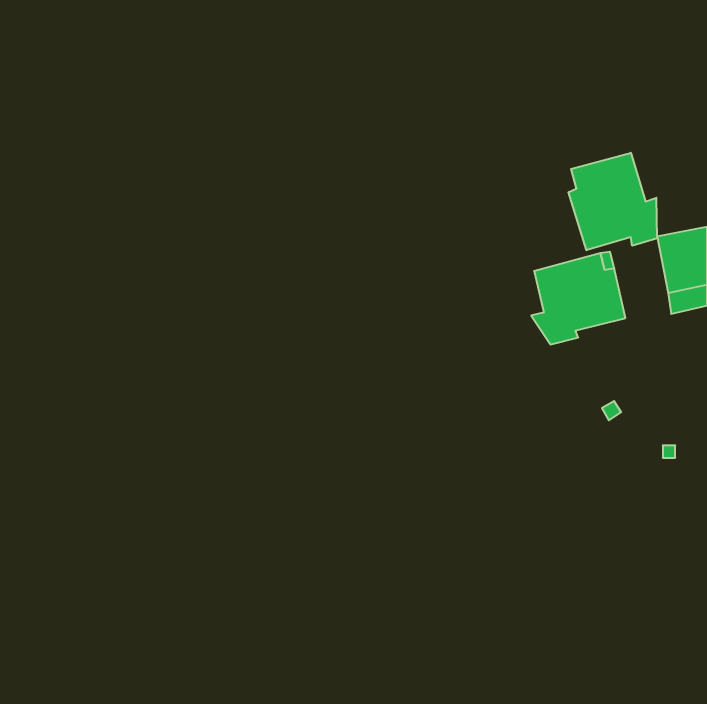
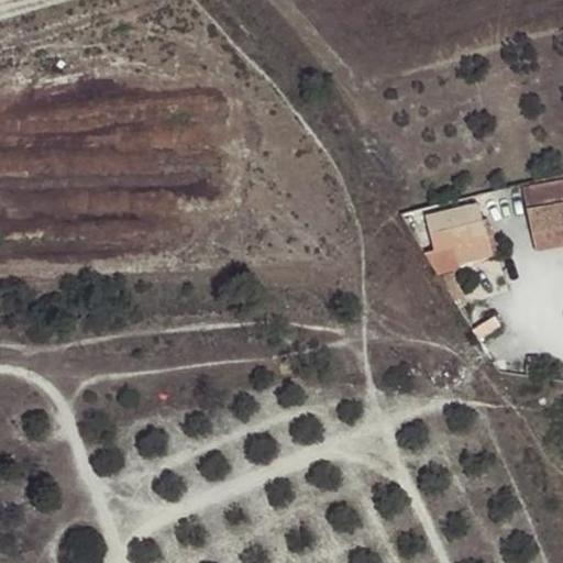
building: [569,153,657,250] -> none

